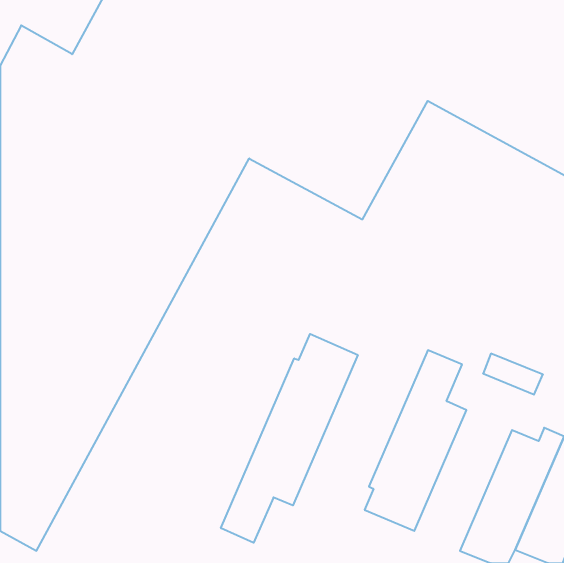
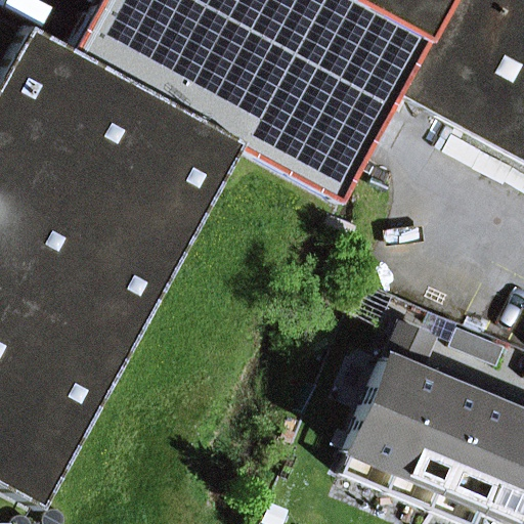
building: [221,334,358,543] -> none
building: none -> [385,366,475,509]

